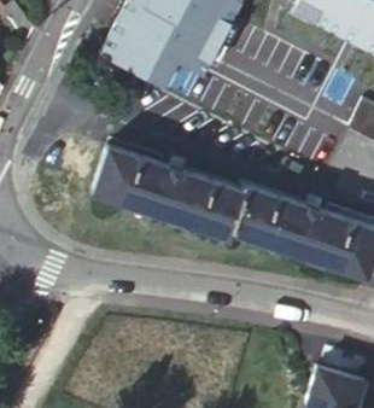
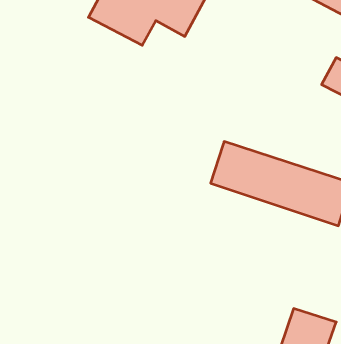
building: [94,147,242,238] -> none

